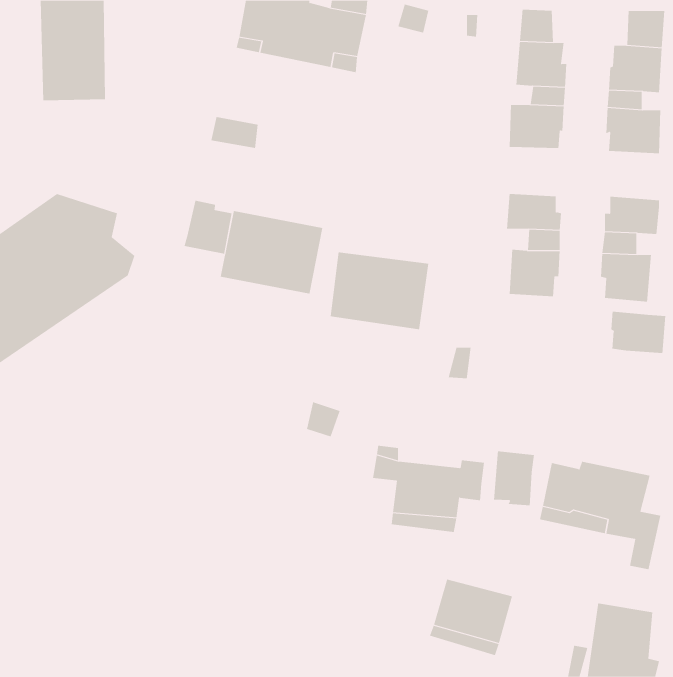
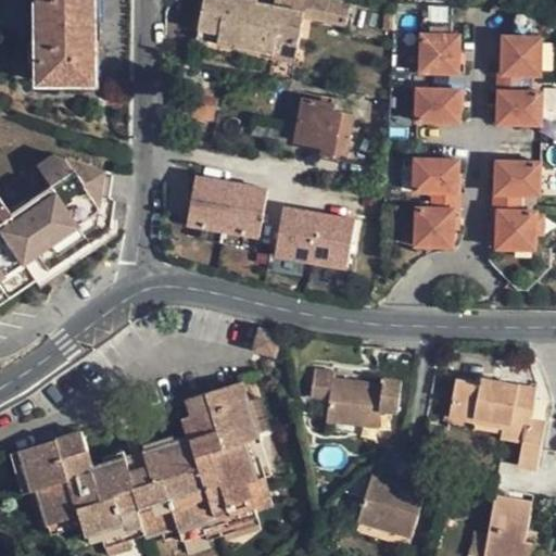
building: none -> [291,99,351,159]
building: [184,200,232,254] -> none
building: [611,311,666,354] -> none
building: [494,451,534,506] -> none
building: none -> [16,383,271,548]

